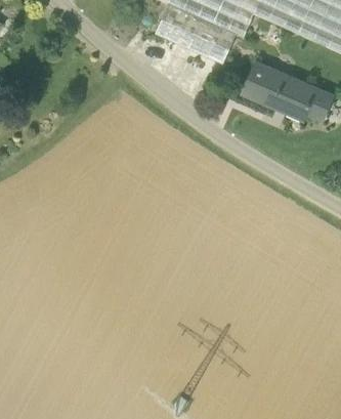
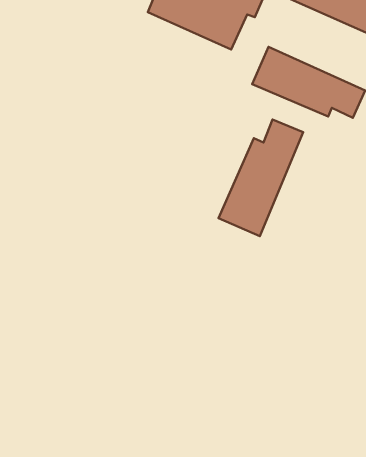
building: none -> [219,120,303,236]

